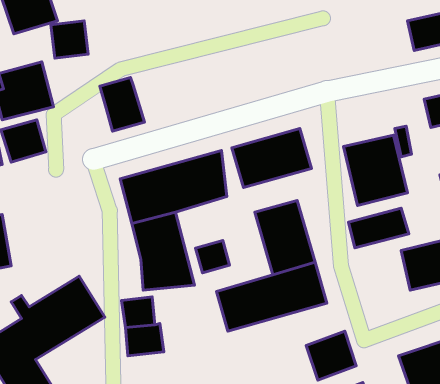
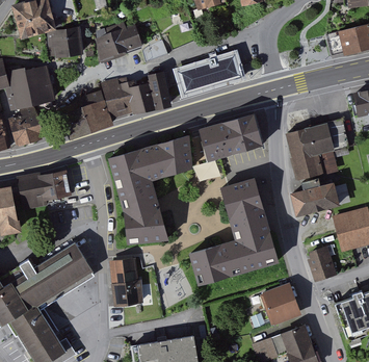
building: none -> [97,23,142,59]
building: none -> [174,50,244,98]
building: none -> [117,73,168,113]
building: none -> [57,102,103,139]
building: none -> [18,173,71,209]
building: [196,241,230,273] -> none
building: none -> [306,245,335,279]

